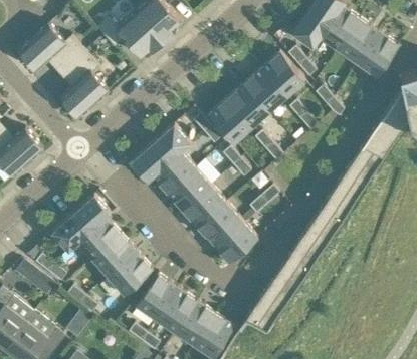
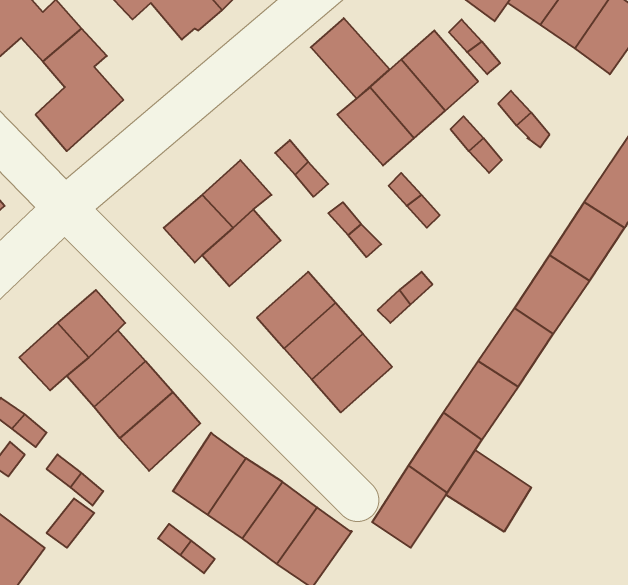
building: [208,99,251,143] -> [311,18,389,98]
building: [167,168,210,211] -> none
building: none -> [446,450,531,532]

